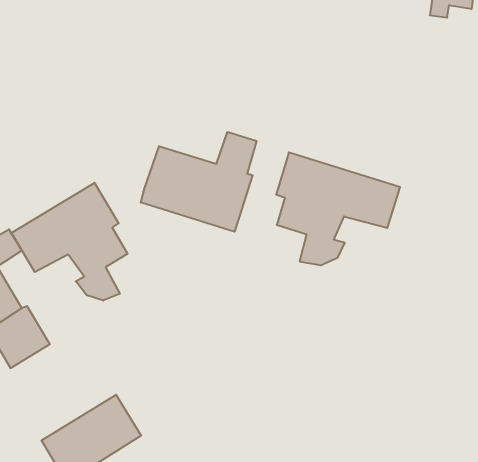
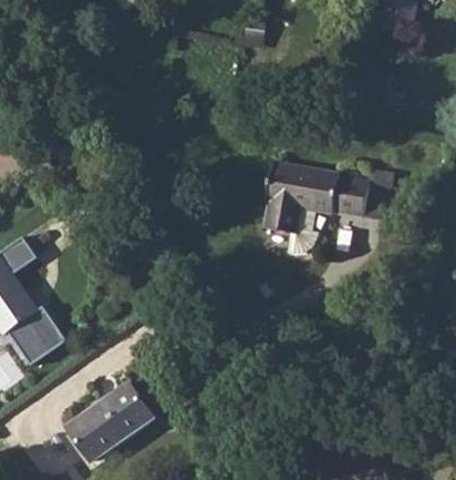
building: [141,132,256,232] -> none
building: [11,183,128,301] -> none

